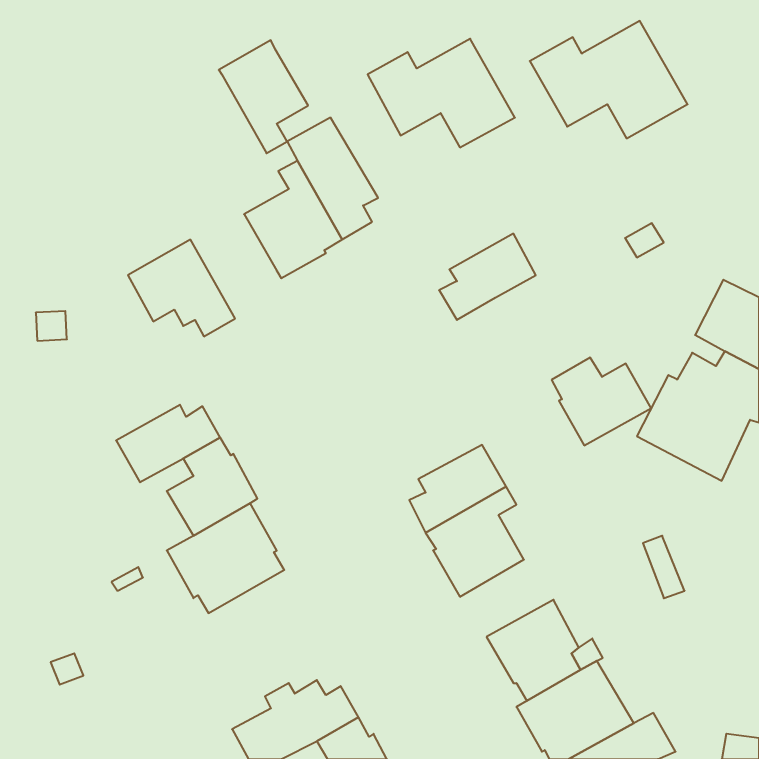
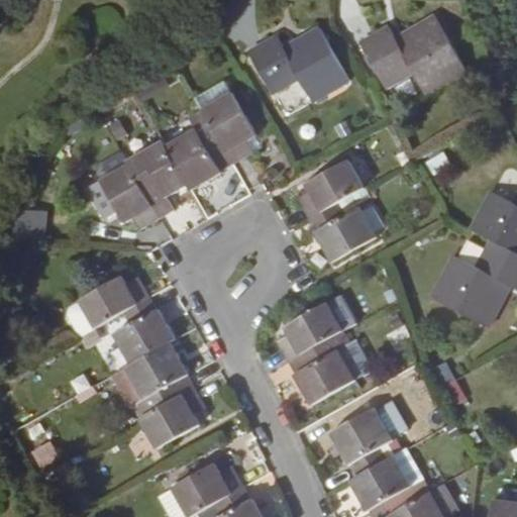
building: [219,40,308,153] -> [127,139,188,216]
building: [552,358,651,445] -> [310,202,378,262]
building: none -> [139,387,205,448]

